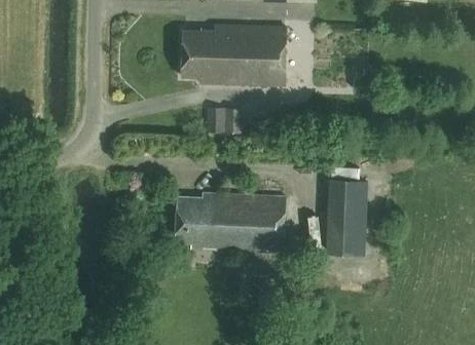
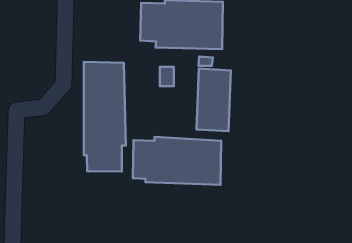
building: none -> [84,62,126,172]
building: [326,179,368,255] -> [196,69,231,131]

